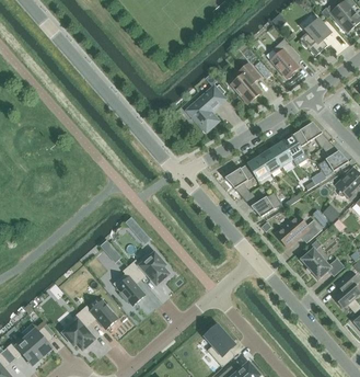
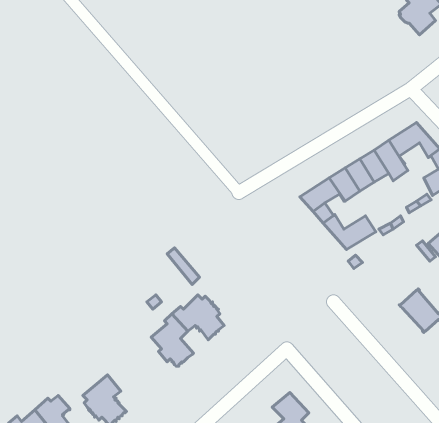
building: [271,38,299,78] -> none
building: [231,62,262,103] -> none
building: [187,85,224,130] -> none
building: [276,215,323,247] -> none
building: [81,300,118,329] -> none

